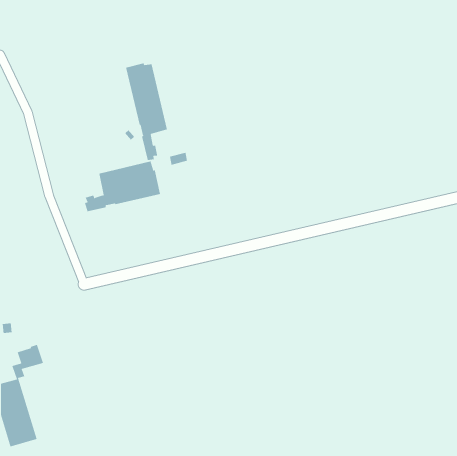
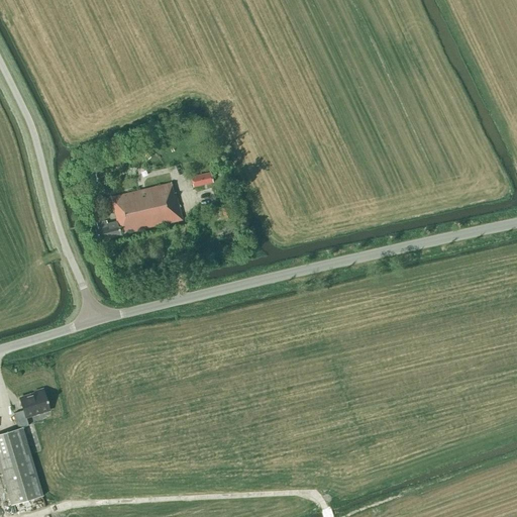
building: [125,62,168,161] -> none

